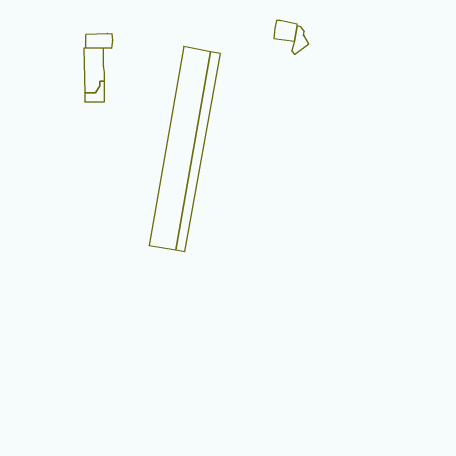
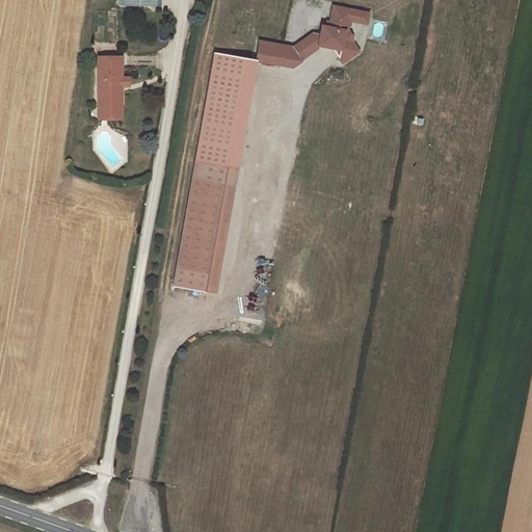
building: none -> [326,4,370,28]
building: none -> [257,32,320,66]
building: [86,33,112,48] -> none

